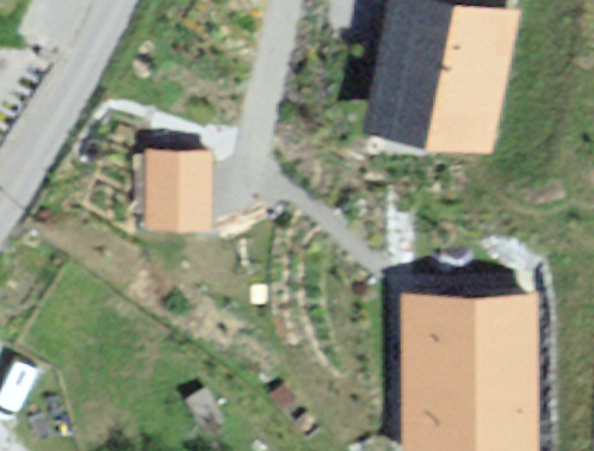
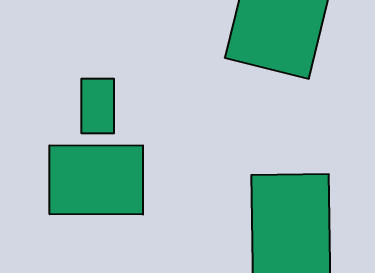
building: none -> [49,145,143,215]

